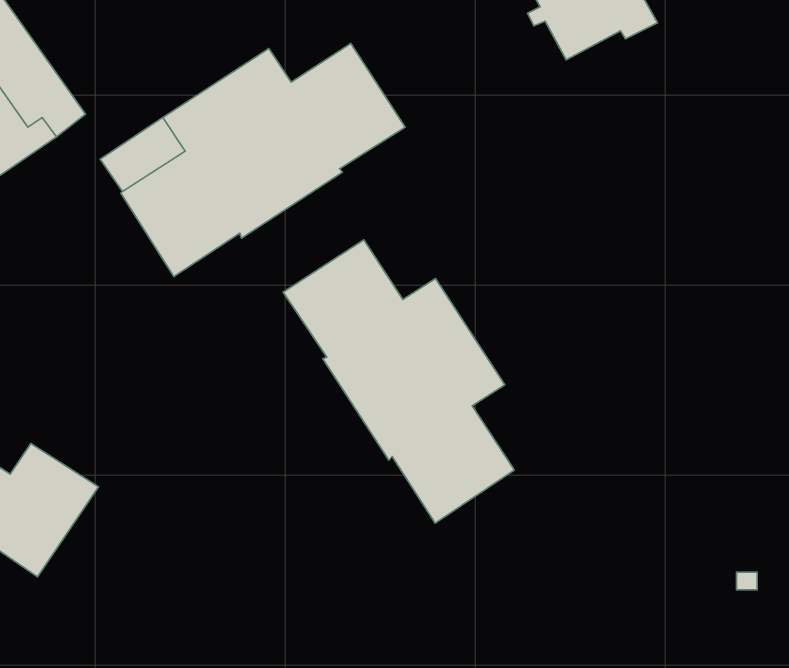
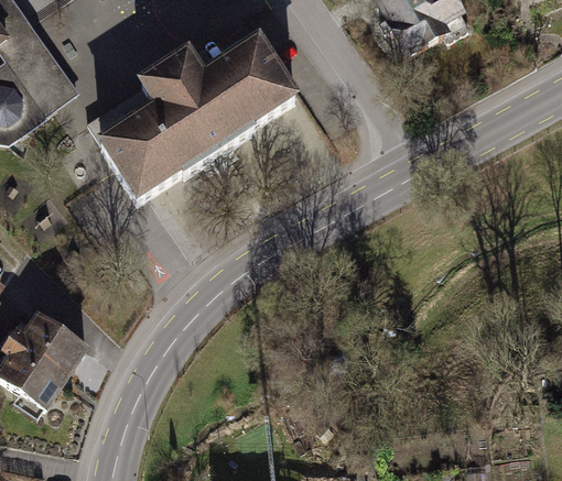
building: [283,240,514,523] -> none

